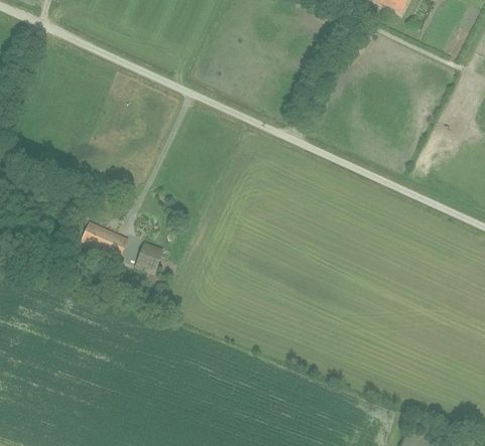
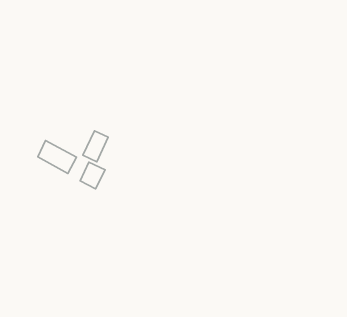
building: none -> [83,131,108,162]

